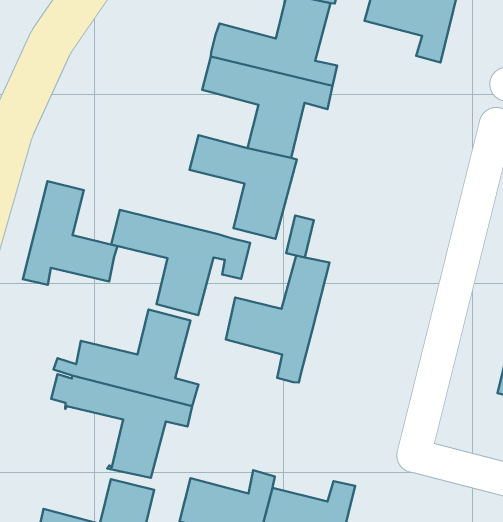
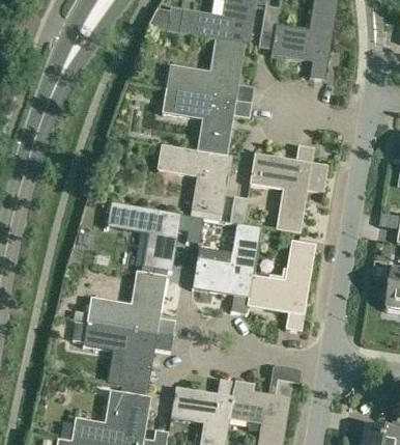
building: none -> [250,144,327,233]
building: [23,181,118,285] -> none
building: none -> [247,241,315,330]

